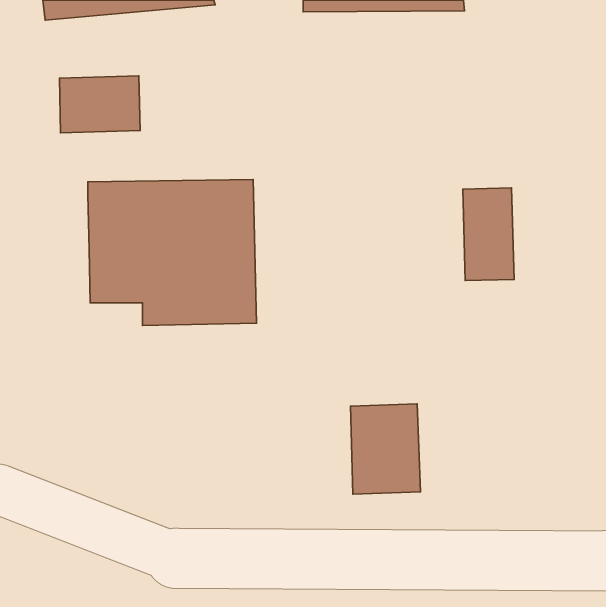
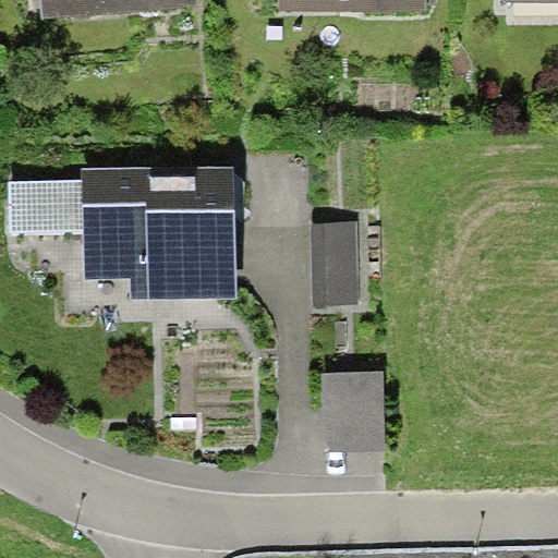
building: [59,76,140,133] -> [8,179,82,231]
building: [463,188,514,281] -> [312,221,359,306]

